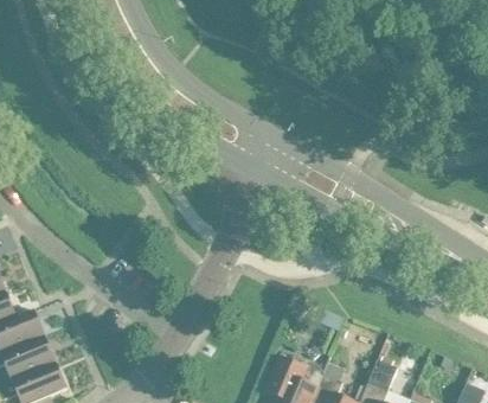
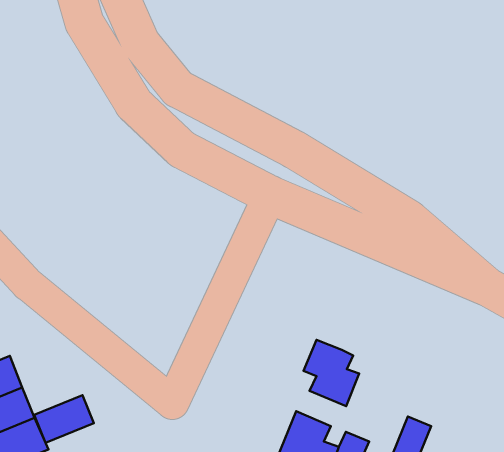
building: none -> [304,340,359,406]
building: none -> [34,395,94,443]

